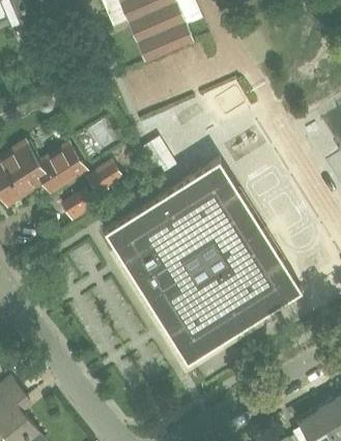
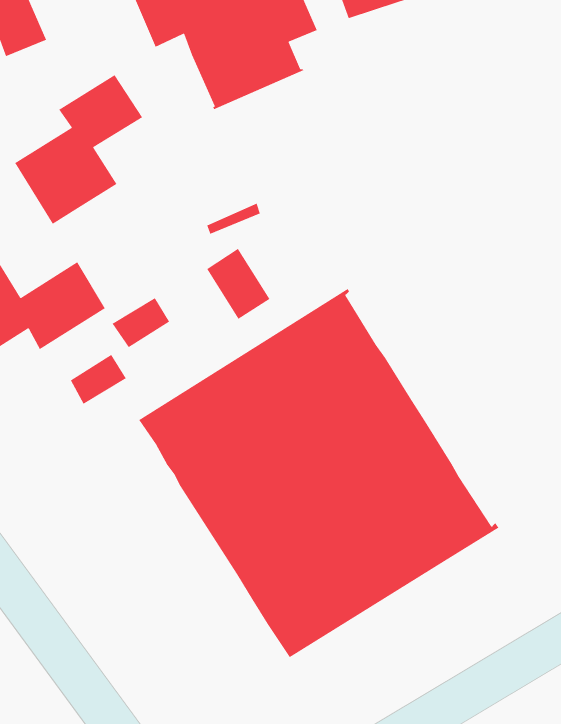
building: none -> [14,74,143,225]

